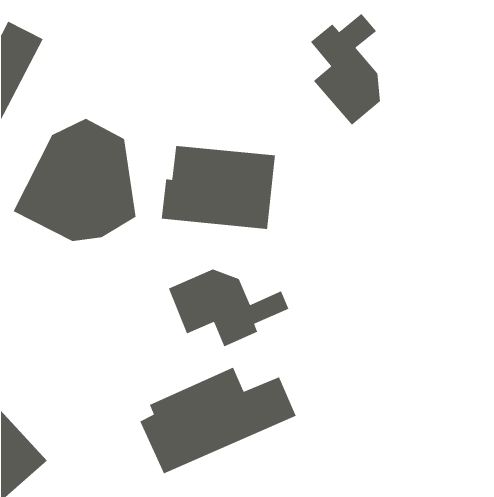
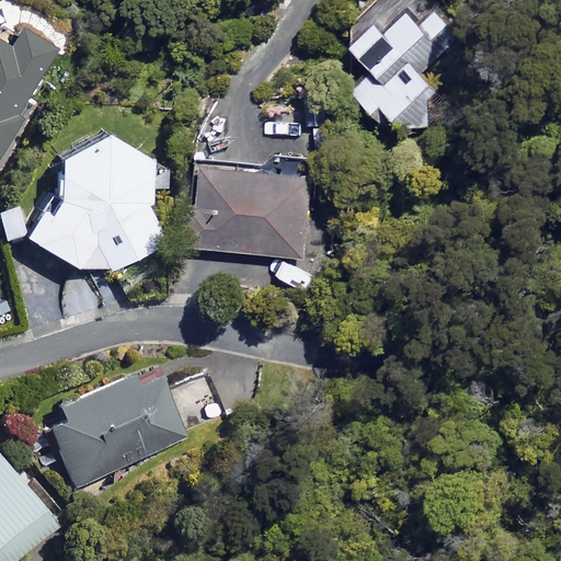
building: [168,268,289,347] -> none
building: [139,366,297,475] -> [48,366,226,488]

